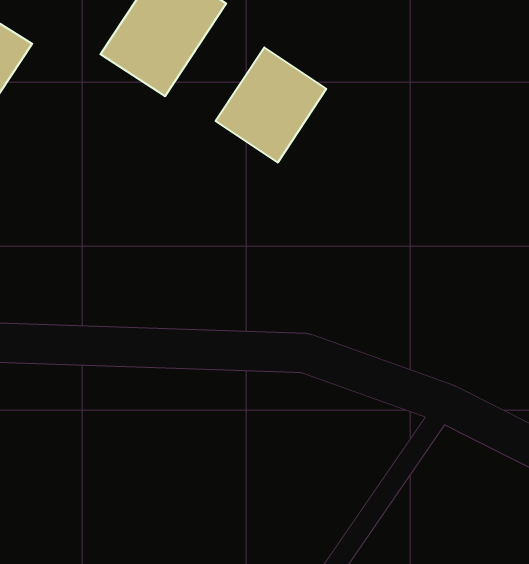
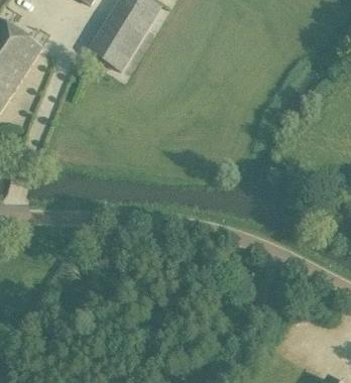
building: [216,47,326,163] -> none

